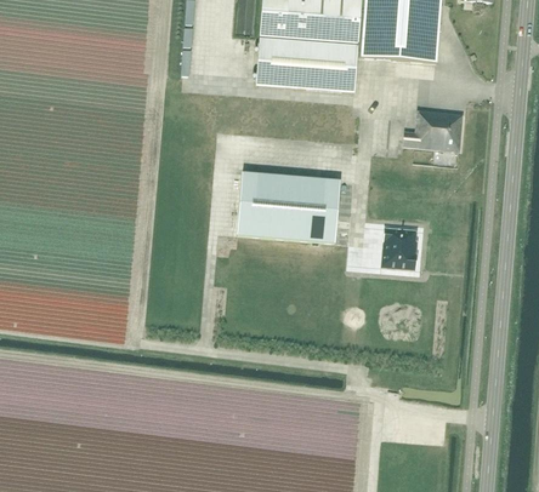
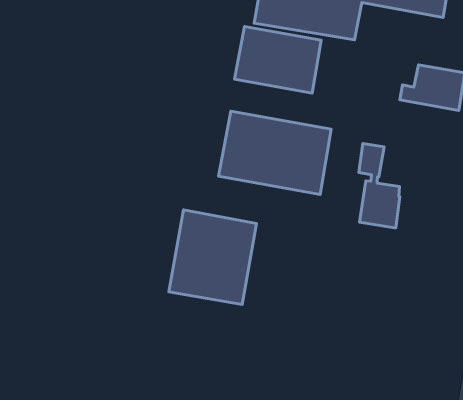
building: none -> [235,26,321,93]
building: none -> [169,210,257,304]

